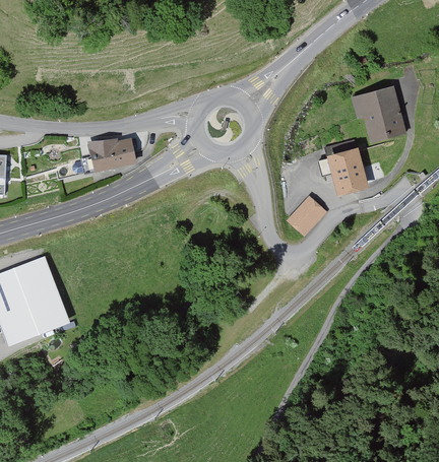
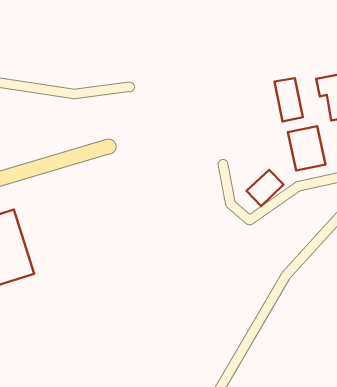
building: none -> [275,78,303,121]
building: [86,136,136,173] -> none

